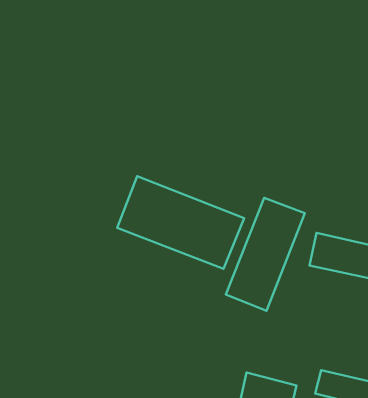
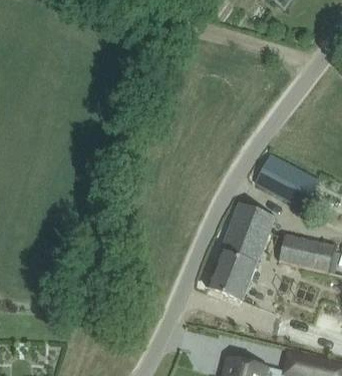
building: none -> [255,153,317,208]
building: [117,176,244,269] -> none

